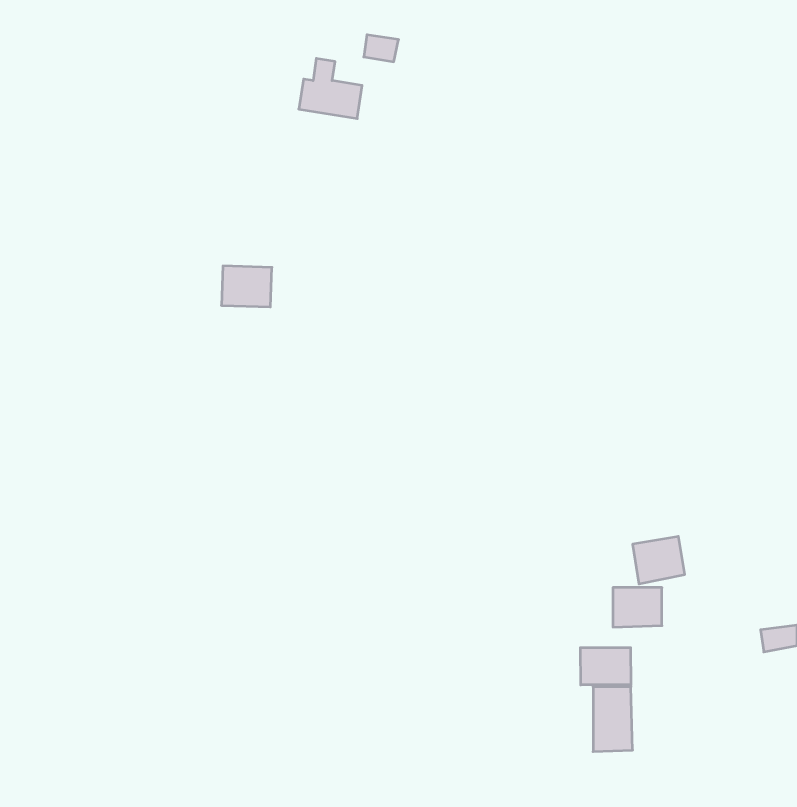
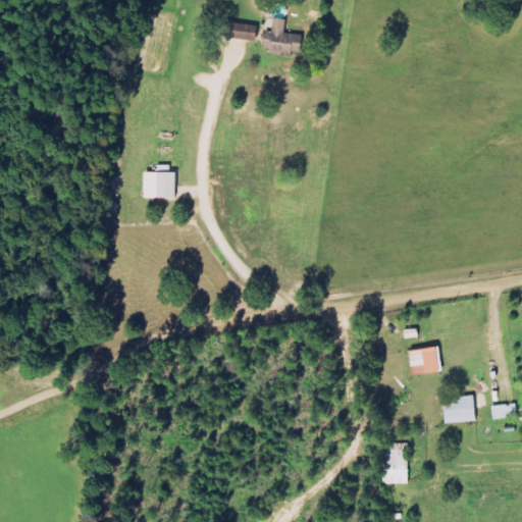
building: [299,58,362,119] -> [261,17,302,56]
building: [613,588,662,627] -> [442,397,474,422]
building: [580,648,631,685] -> none

